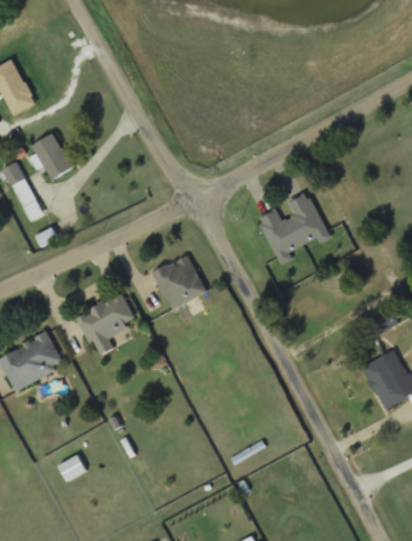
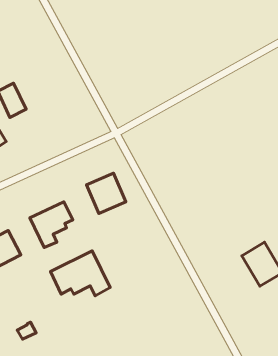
building: [258,190,328,258] -> none
building: none -> [51,251,110,296]

